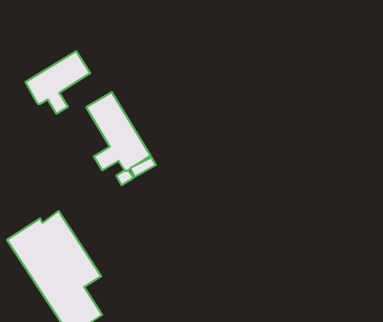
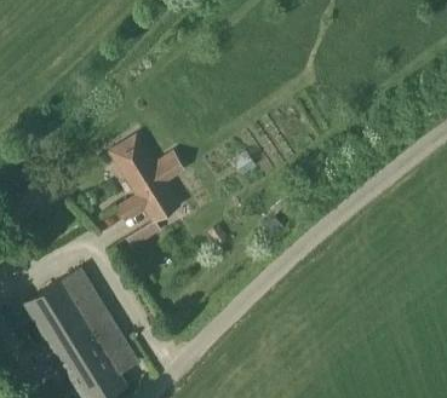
building: [26,51,90,114] -> none

